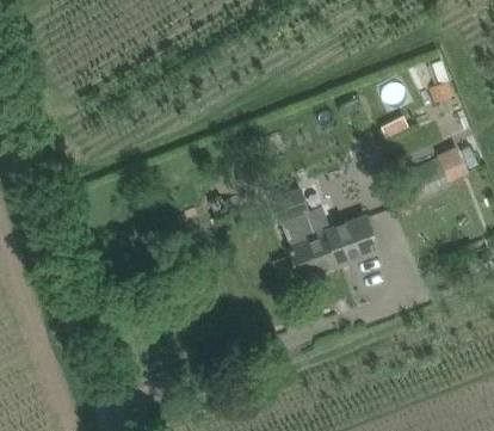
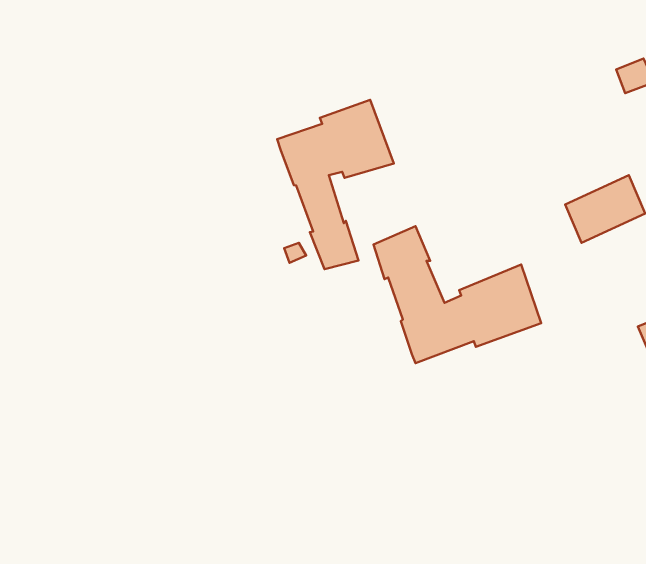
building: none -> [277,100,394,269]

